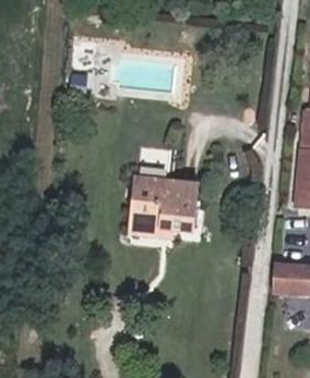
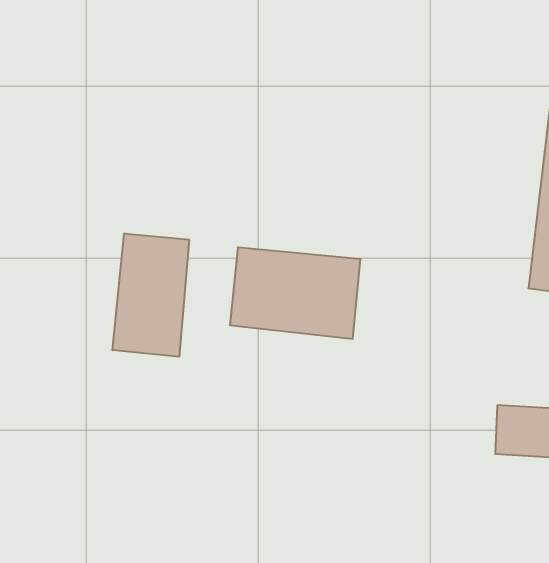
building: none -> [113,233,189,357]

